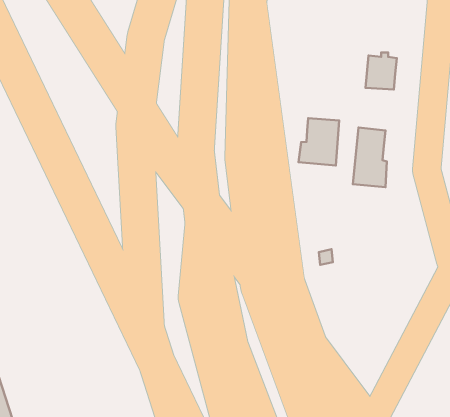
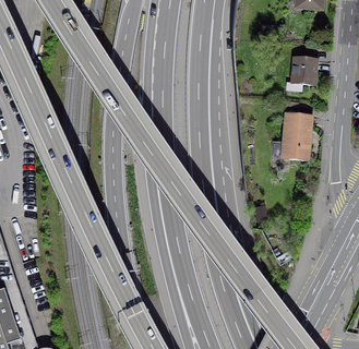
building: [299,118,339,166] -> none

